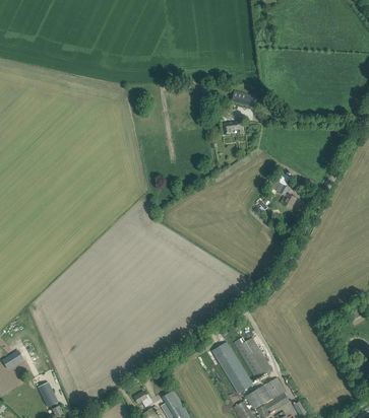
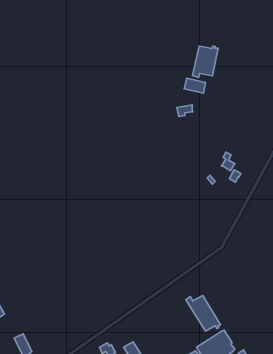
building: none -> [192,46,218,78]
building: [211,341,252,393] -> none

